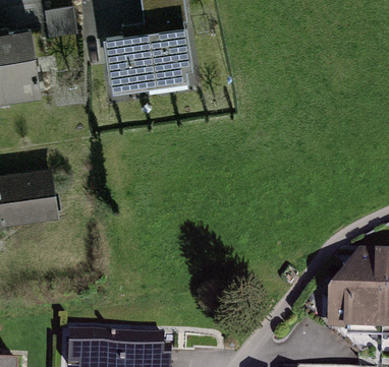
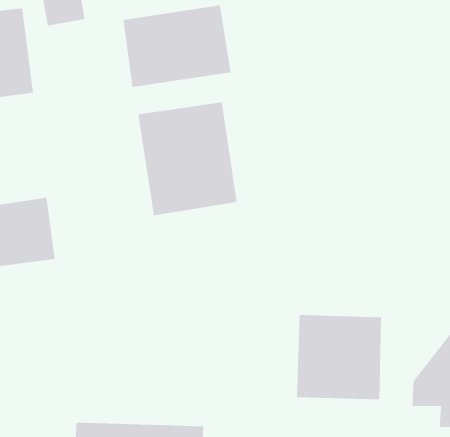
building: none -> [138,102,237,216]
building: none -> [296,314,382,400]

